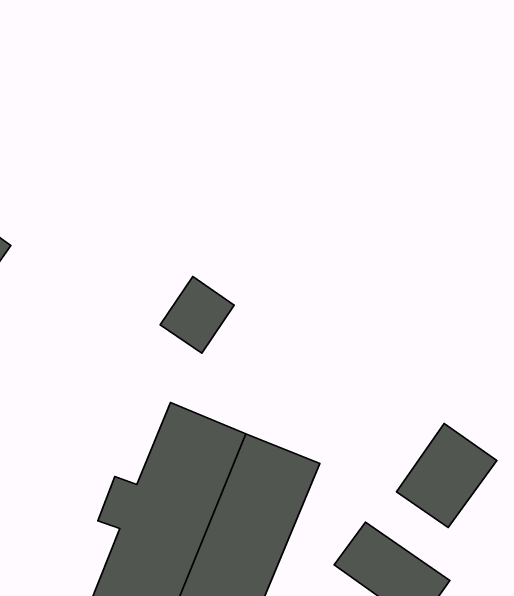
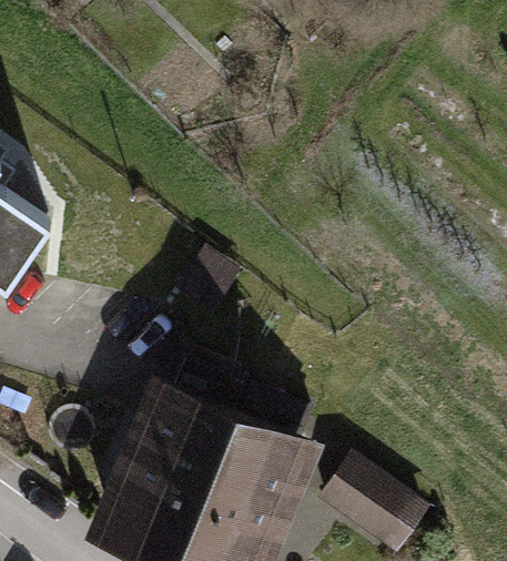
building: [396,424,497,528] -> none

